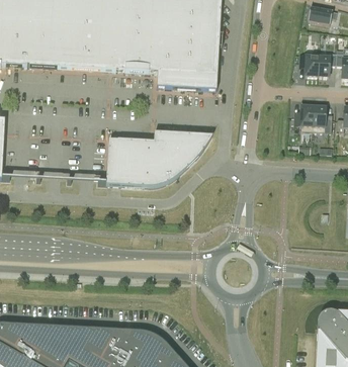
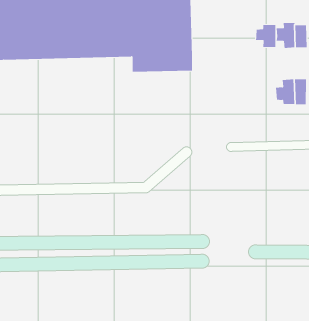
building: none -> [255,24,276,48]
building: [97,131,211,185] -> none

